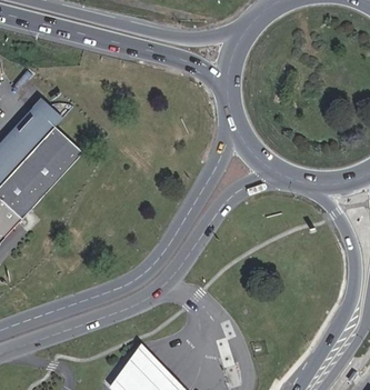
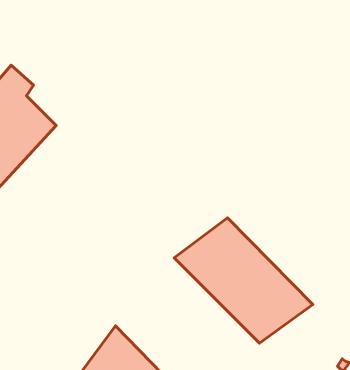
building: none -> [174,218,313,343]

